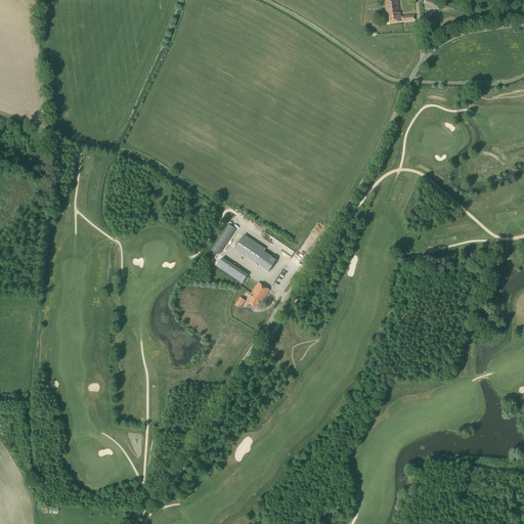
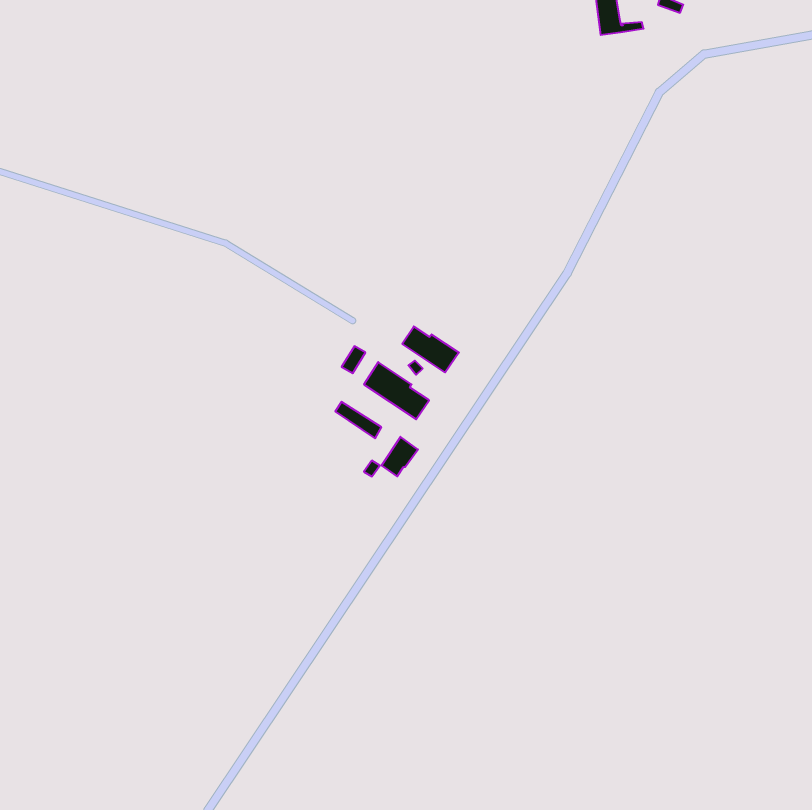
building: none -> [402,326,459,372]

